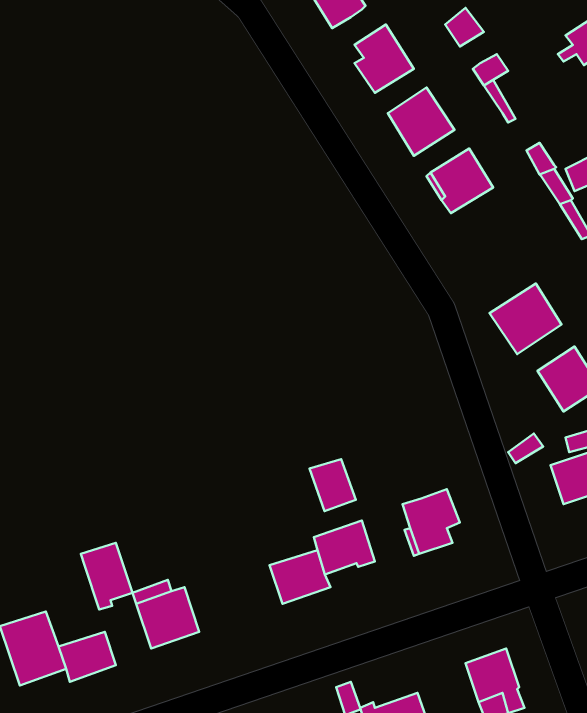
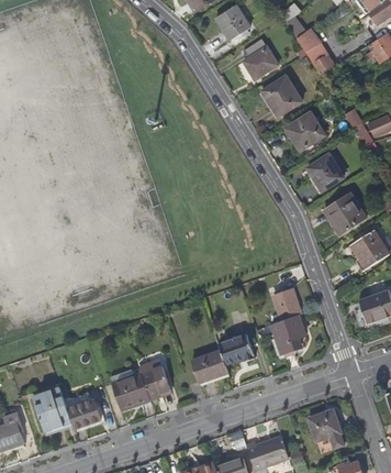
building: none -> [308,154,344,191]
building: [310,459,356,511] -> [273,289,301,320]
building: [81,543,133,610] -> [139,360,170,399]

